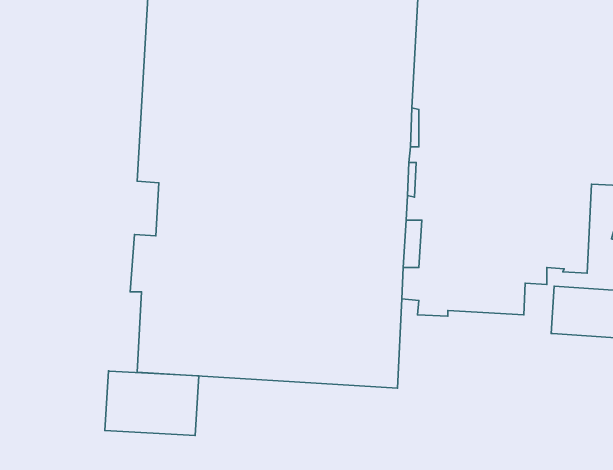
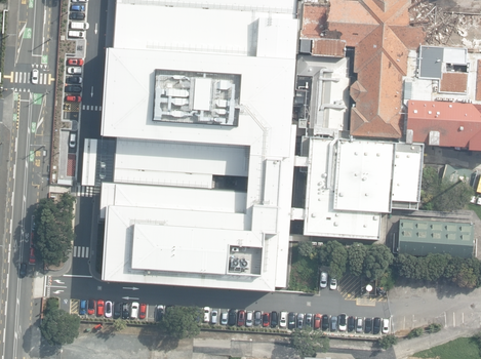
building: [105,371,199,436] -> none

